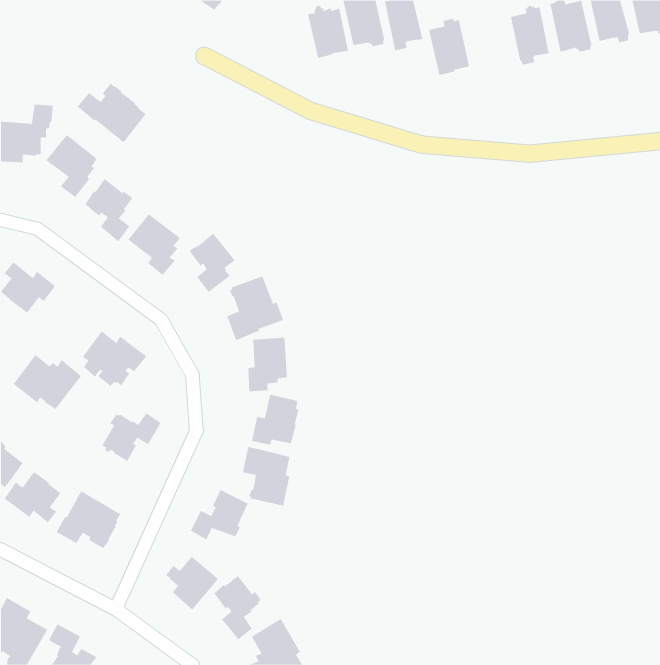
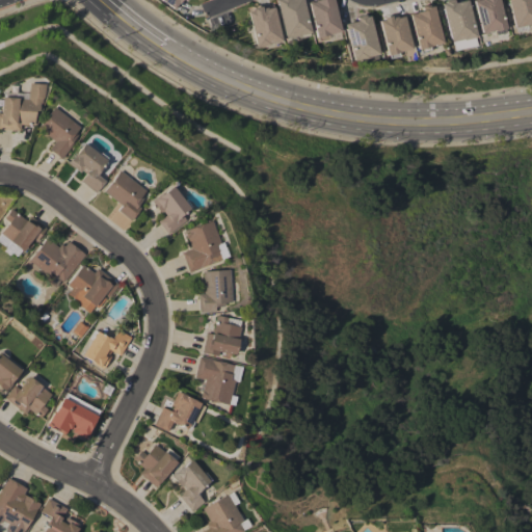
building: none -> [380,15,413,58]
building: [77,83,146,143] -> none
building: [13,354,82,410] -> [32,237,87,282]

